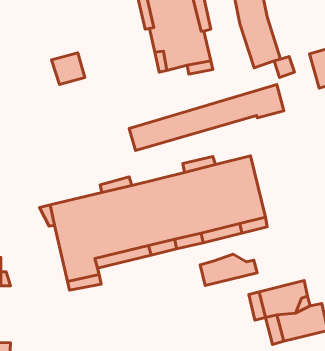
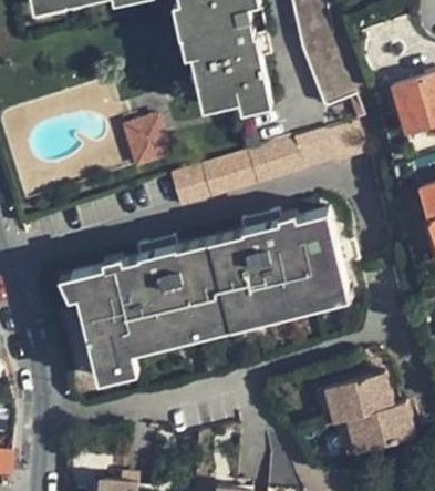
building: [52,53,85,84] -> [124,124,166,164]
building: [200,254,257,285] -> none

